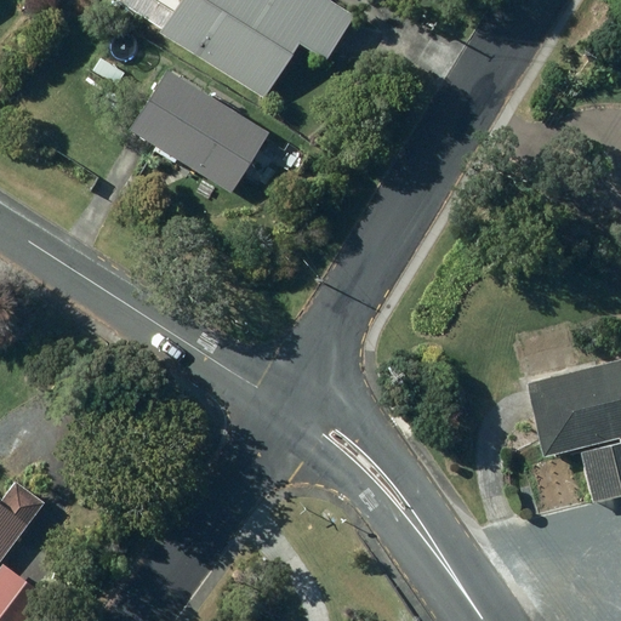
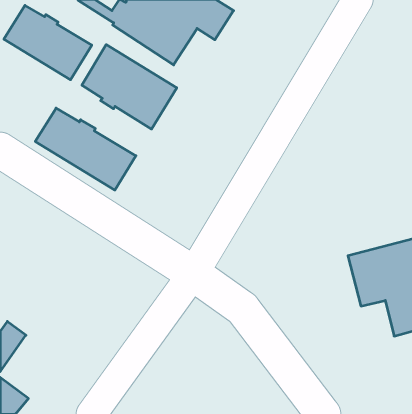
building: none -> [4,5,92,80]
building: none -> [35,108,136,190]

